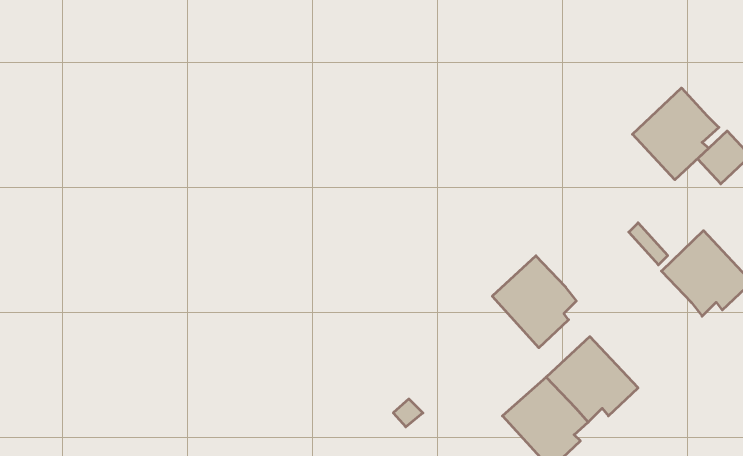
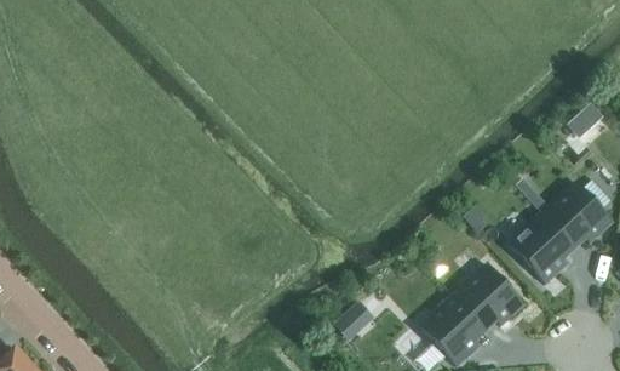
building: [632,88,719,180] -> none
building: [492,256,576,348] -> [507,212,573,284]

